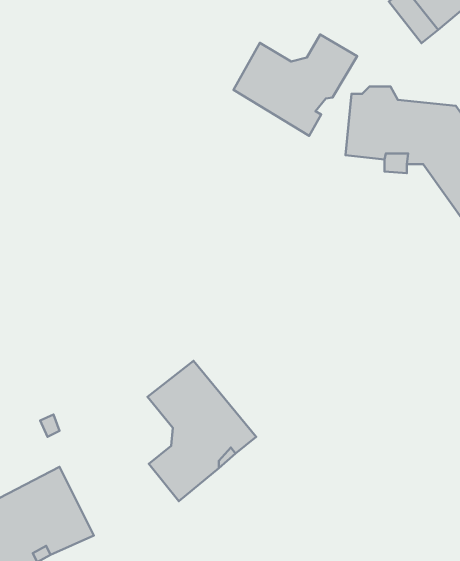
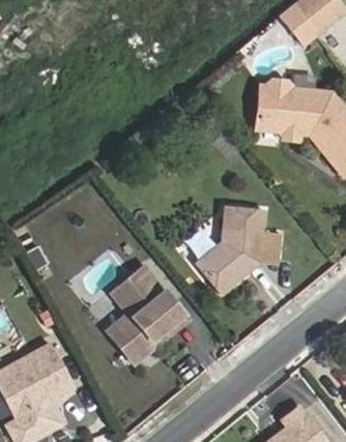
building: [233,35,357,136] -> none
building: none -> [194,207,278,294]

